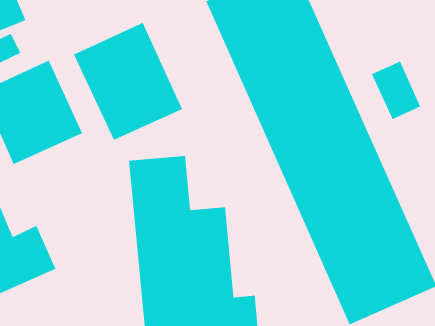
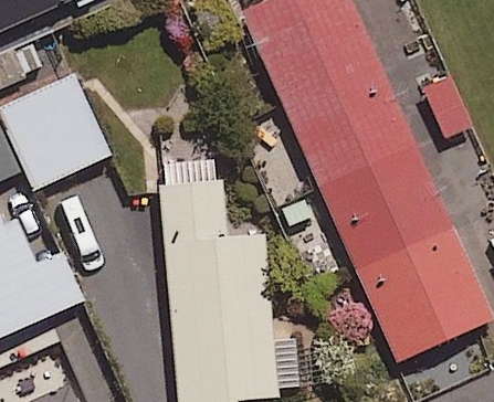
building: [73,22,183,141] -> none

